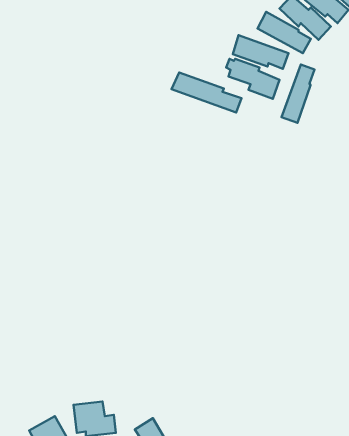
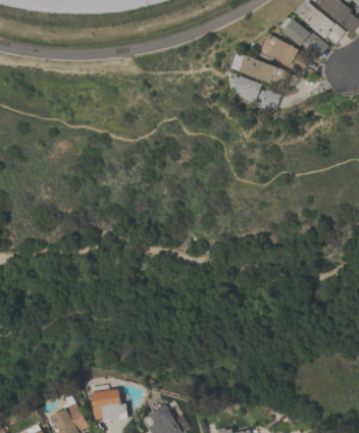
building: [282,64,314,123] -> none
building: [172,72,242,113] -> none

